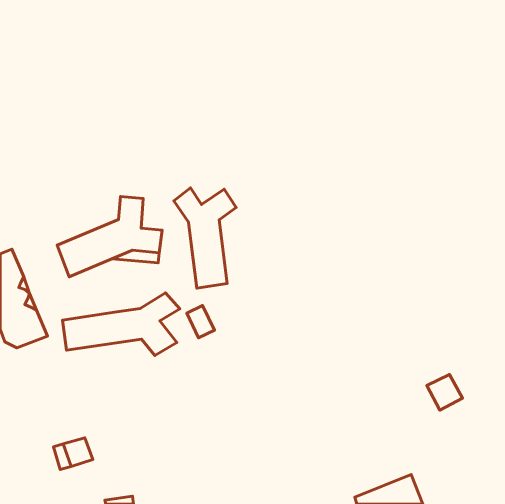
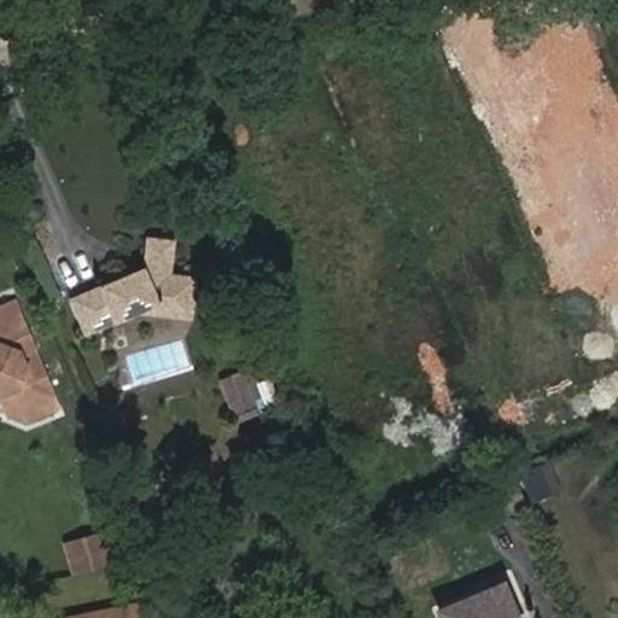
building: [174,188,236,288] -> none
building: [63,293,180,355] -> none

